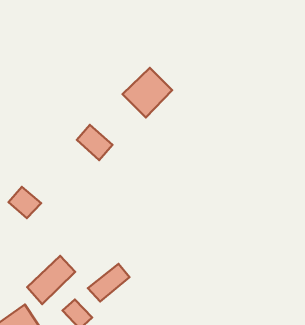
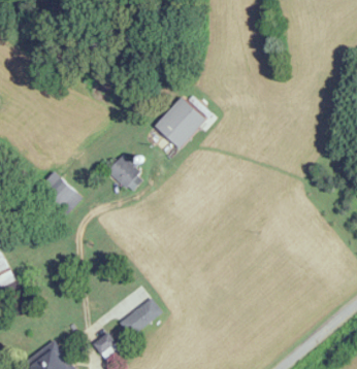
building: [9,187,41,218] -> [48,180,82,212]
building: [27,256,75,304] -> none

